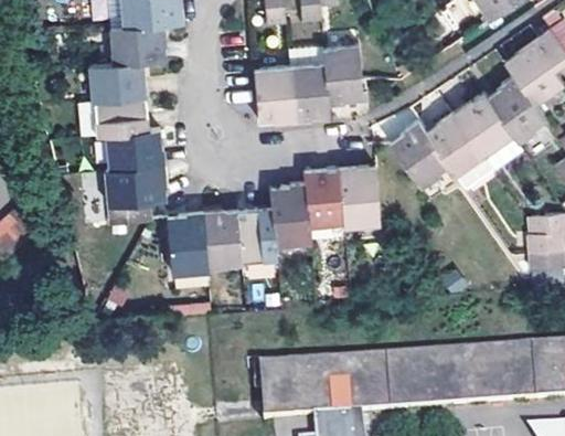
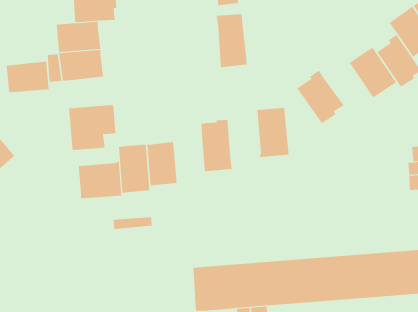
building: [322,46,364,103] -> none
building: [254,66,295,120] -> none
building: [425,110,484,174] -> none
building: [108,127,162,167] -> [6,61,49,93]
building: [303,169,344,225] -> none
building: [237,206,276,260] -> none
building: none -> [78,161,122,199]

